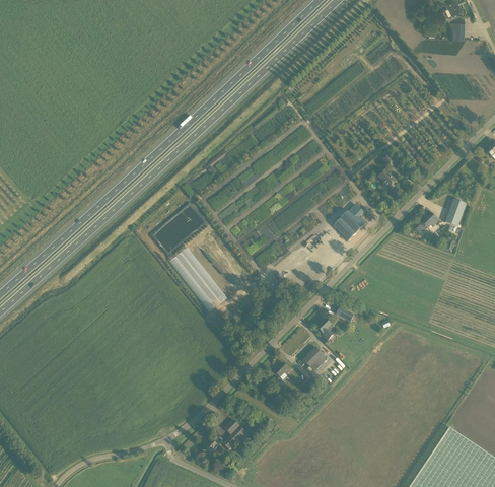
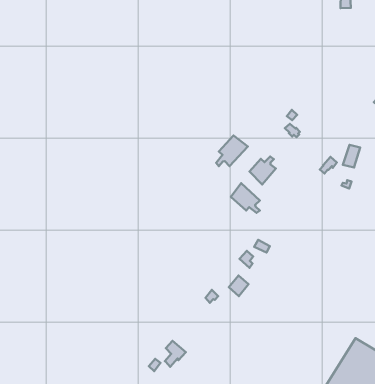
building: none -> [216,135,248,166]
building: none -> [231,183,260,213]

